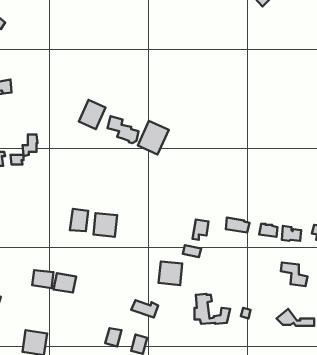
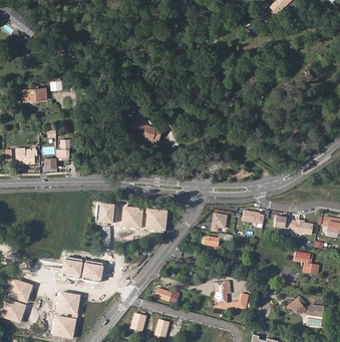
building: [79,100,106,129] -> none
building: [138,121,169,154] -> none
building: [159,261,182,285] -> [145,209,167,231]
building: none -> [57,292,80,315]

